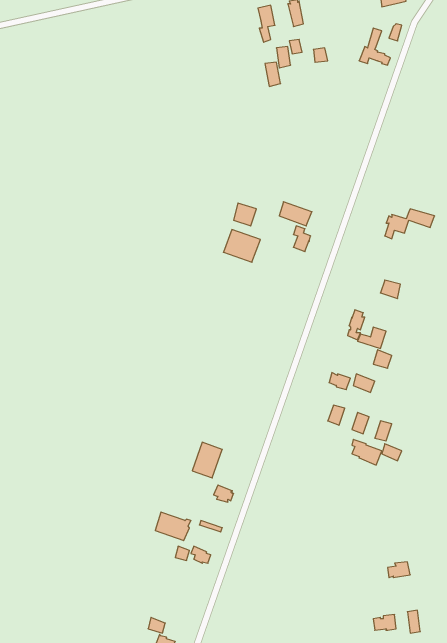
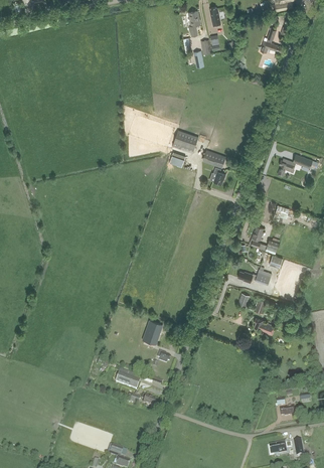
building: [223,230,260,262] -> [172,130,198,153]

